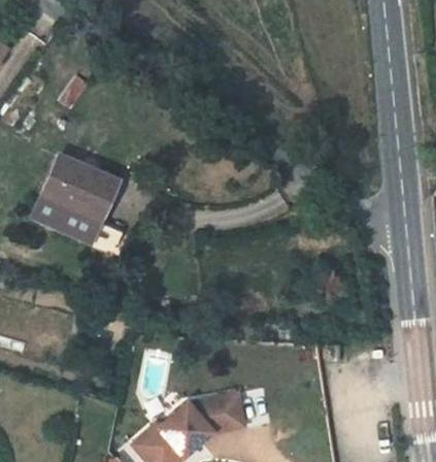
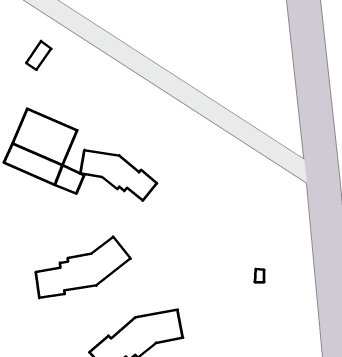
building: none -> [80,150,157,201]
building: none -> [36,237,131,298]

